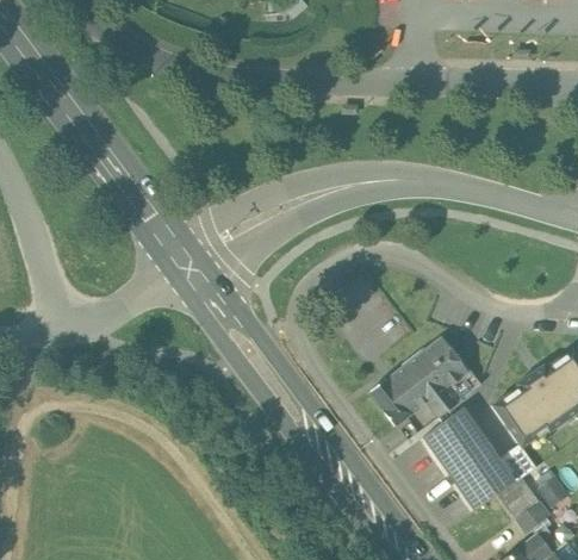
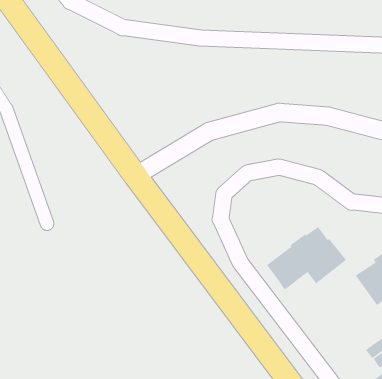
building: [424,415,508,511] -> none

